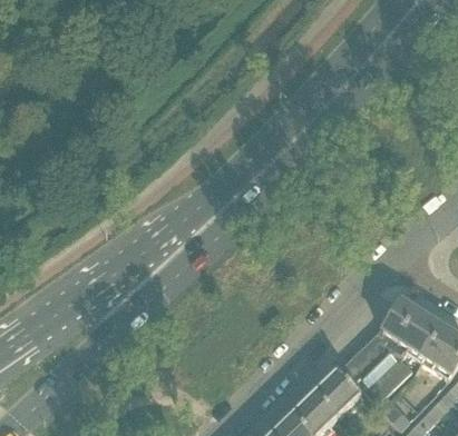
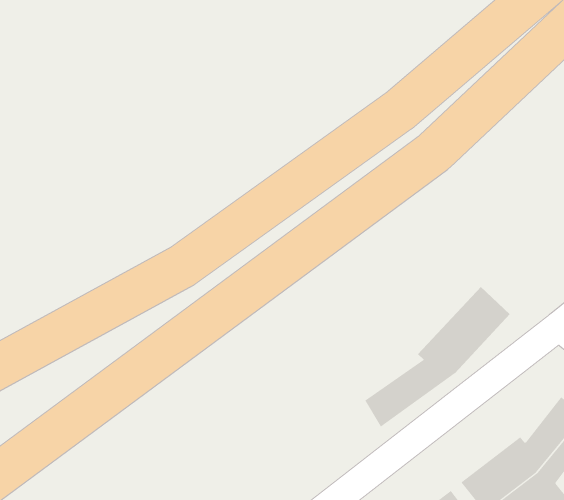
building: none -> [365,286,511,427]

